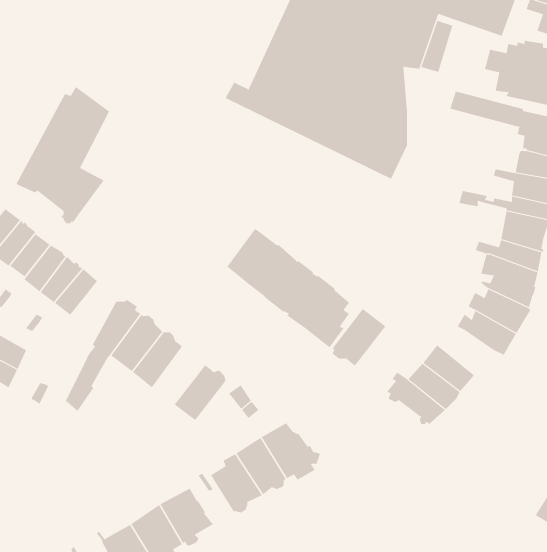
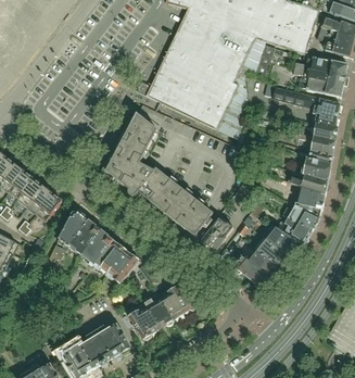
building: [16,86,110,224] -> [100,114,156,197]
building: none -> [264,225,297,256]
building: none -> [93,239,125,274]

